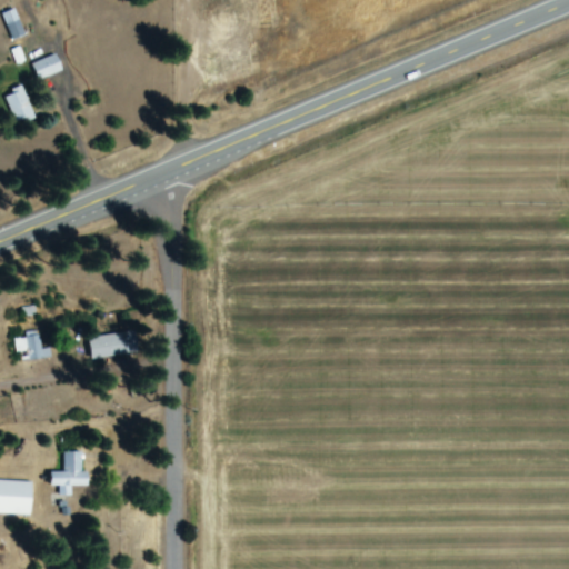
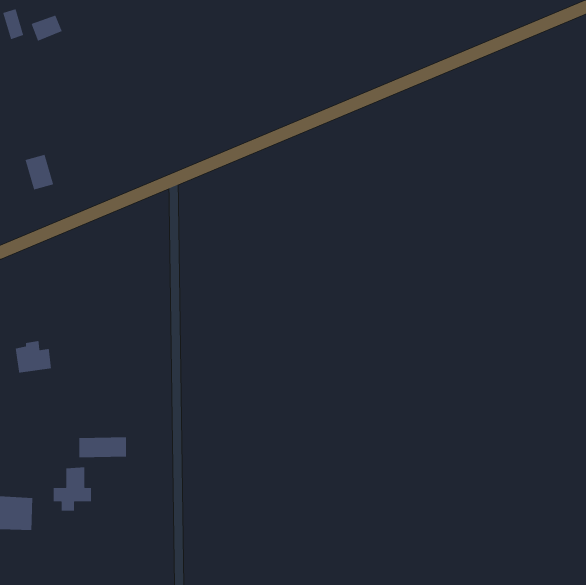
building: [31,52,62,79] -> [31,14,63,42]
building: [4,87,33,122] -> [24,154,54,191]
building: [90,335,137,356] -> [79,436,127,458]

